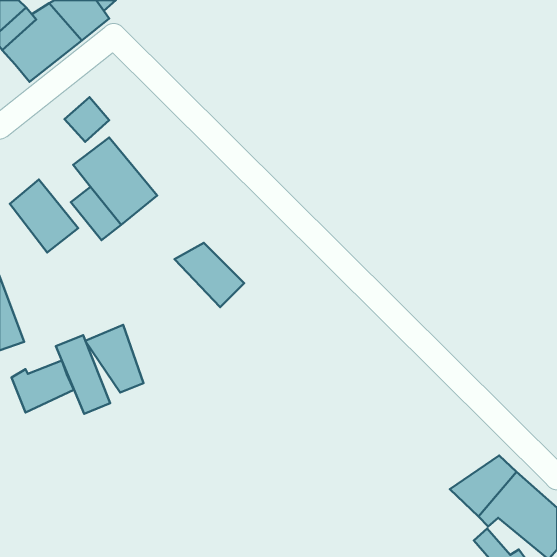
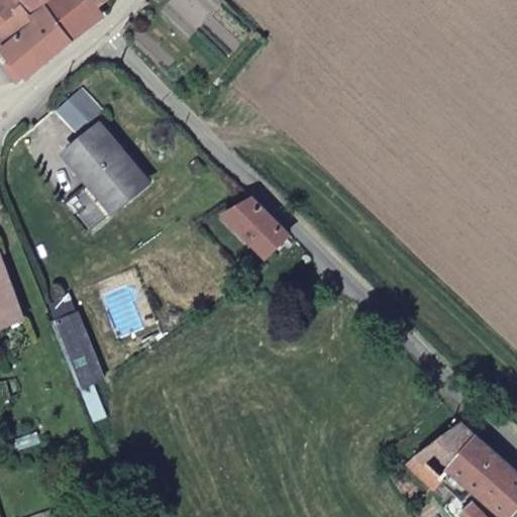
building: [10,179,78,252] -> none
building: [174,243,244,307] -> [223,196,288,255]
building: [85,325,144,393] -> none
building: [11,361,74,412] -> none

